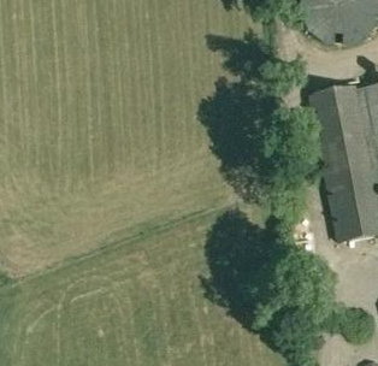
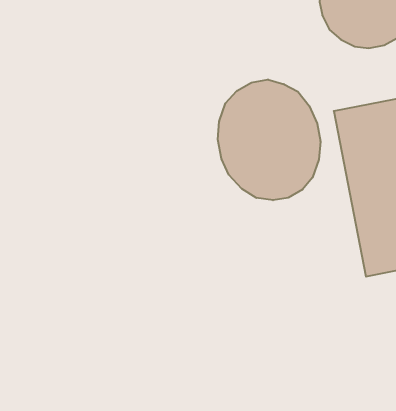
building: none -> [218,79,320,200]

